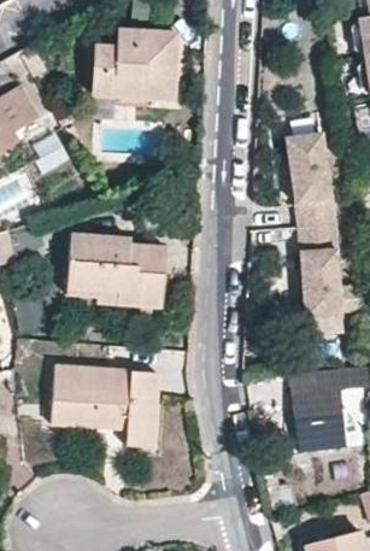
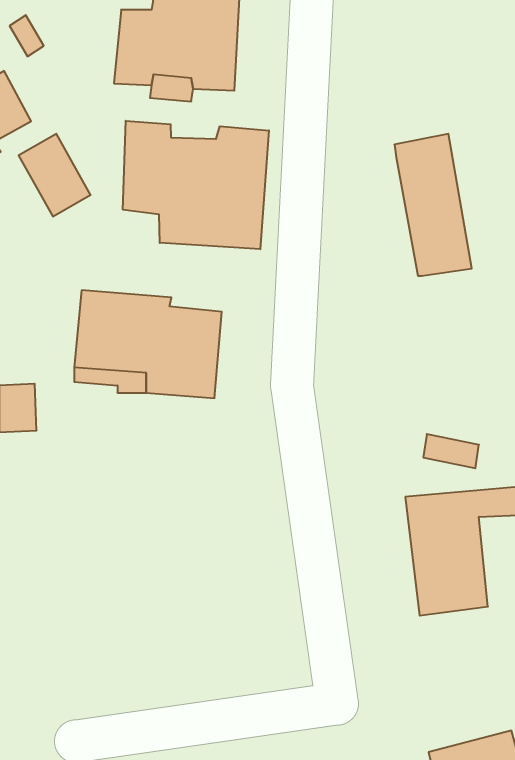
building: none -> [123,121,269,249]
building: [298,218,342,313] -> none
building: [53,365,158,445] -> none

